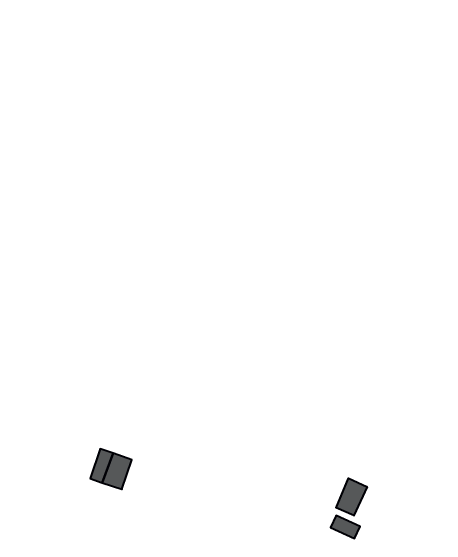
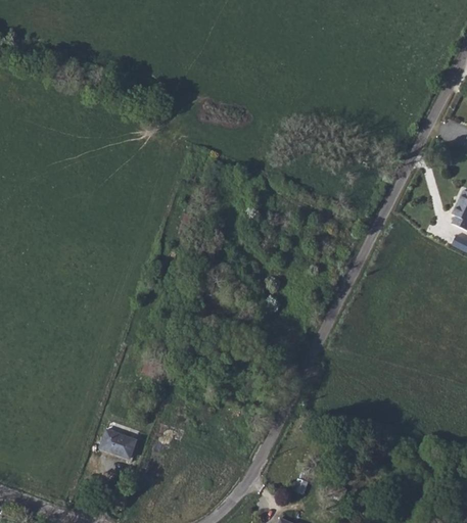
building: [336,478,367,516] -> none

